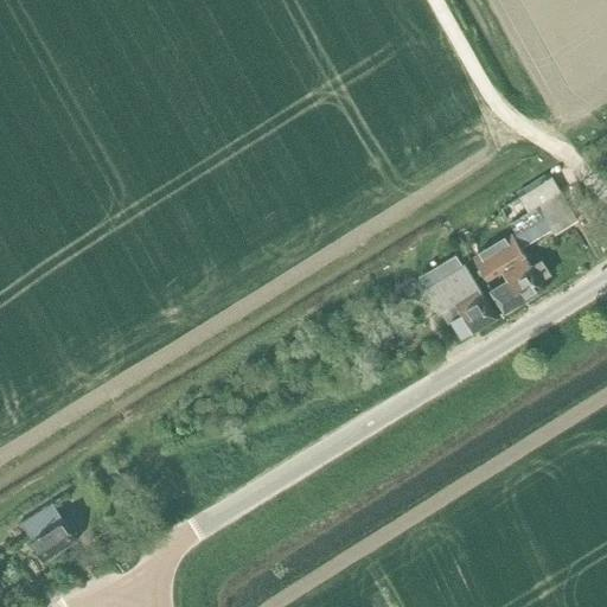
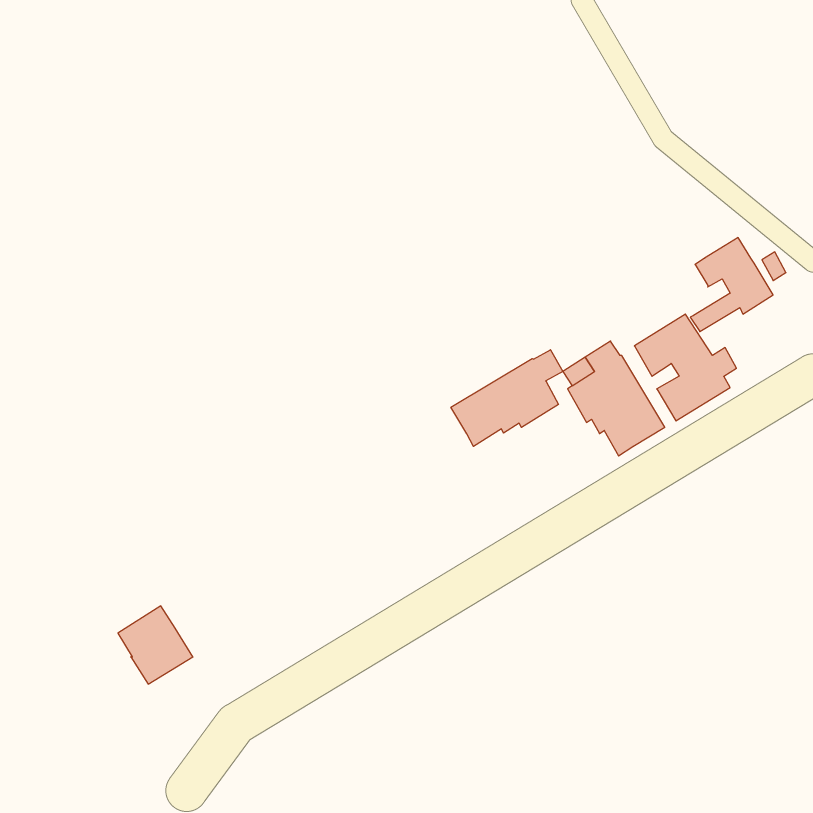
building: none -> [451,350,563,446]
building: [19,503,75,561] -> [118,606,193,684]

